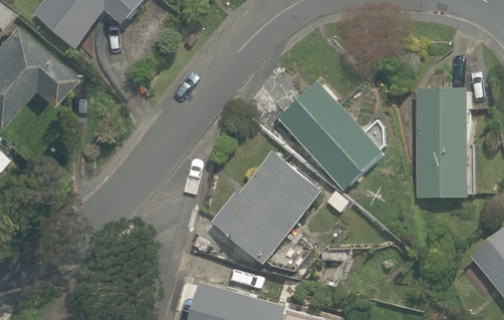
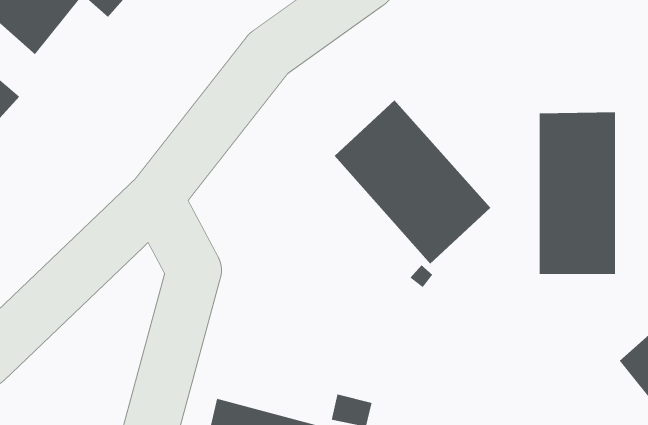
building: [210,151,321,266] -> none

